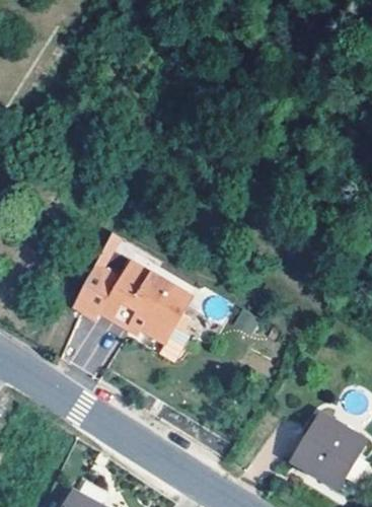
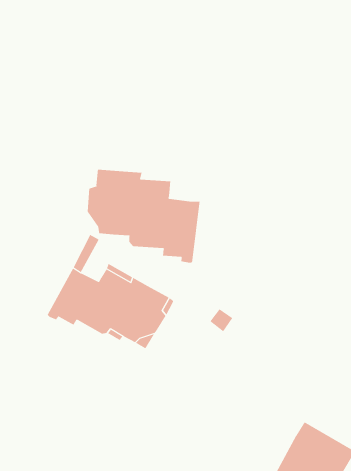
building: none -> [87,169,200,263]

